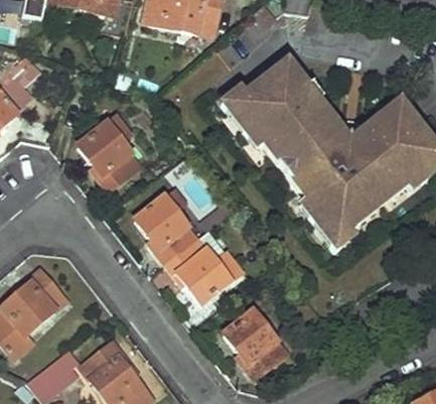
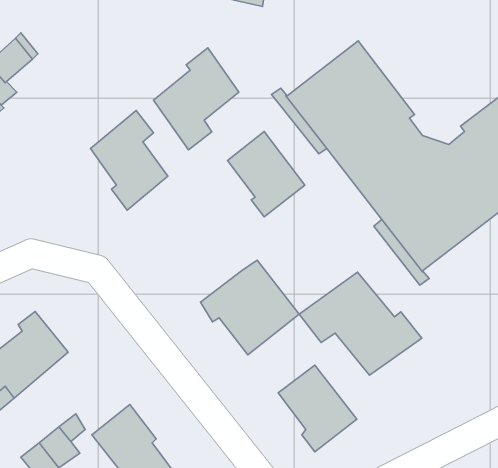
building: none -> [153,48,239,150]
building: [138,196,197,262] -> [227,131,305,217]
building: none -> [299,272,422,375]

